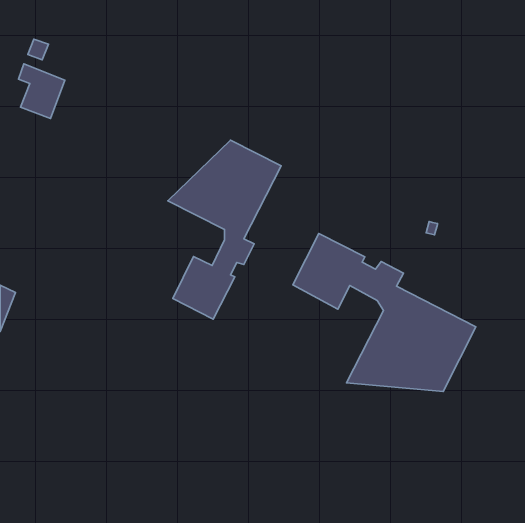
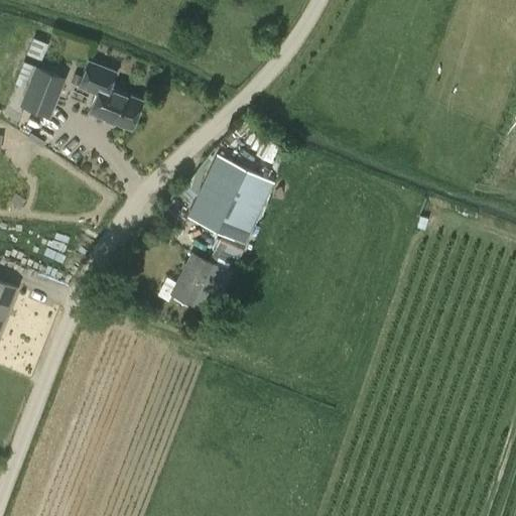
building: none -> [78,62,142,131]
building: [293,234,476,391] -> none

